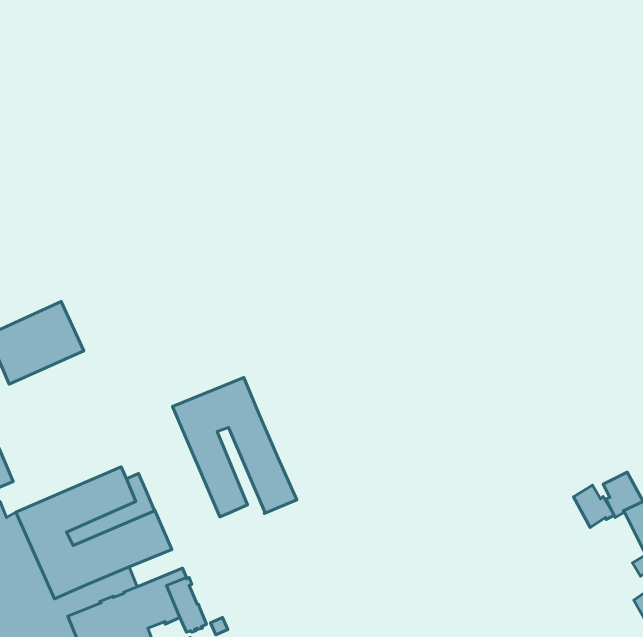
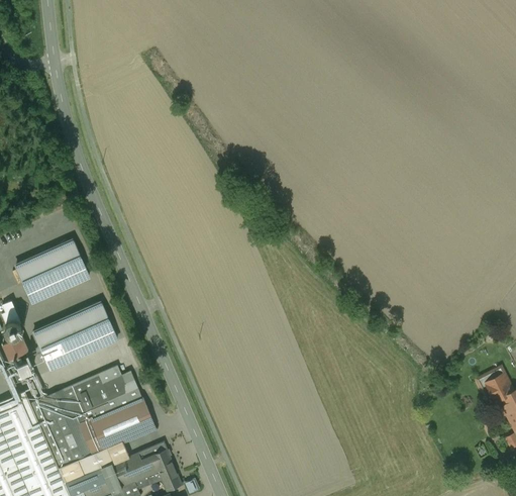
building: [173,377,297,517] -> none
building: none -> [33,303,116,370]
building: [573,485,614,528] -> none

